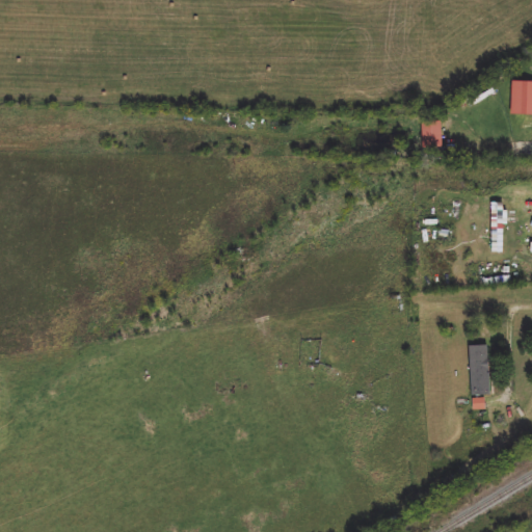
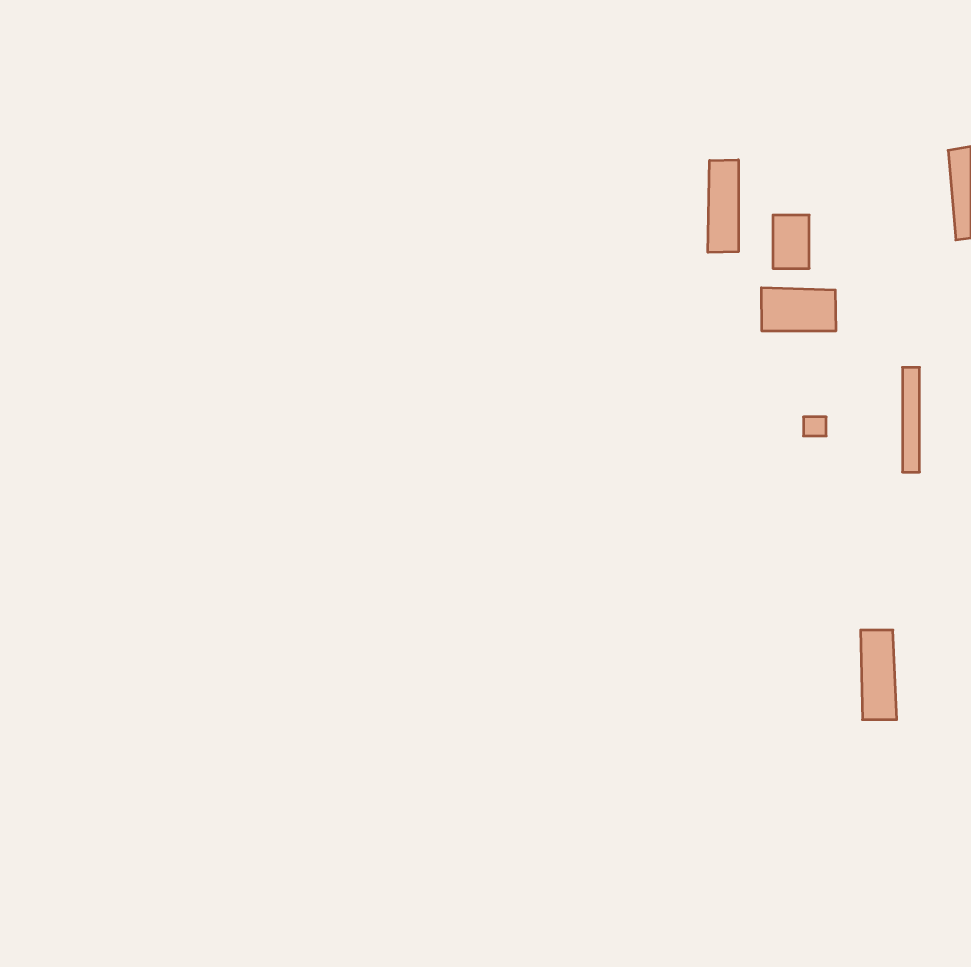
building: none -> [708,160,738,252]
building: none -> [761,288,836,331]

